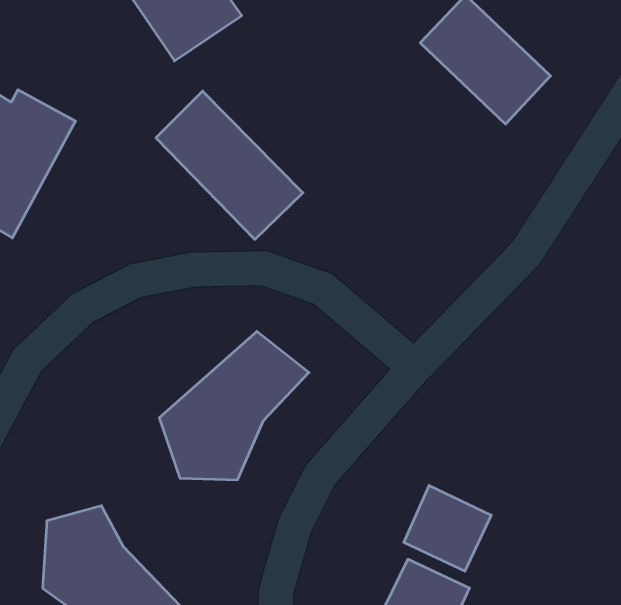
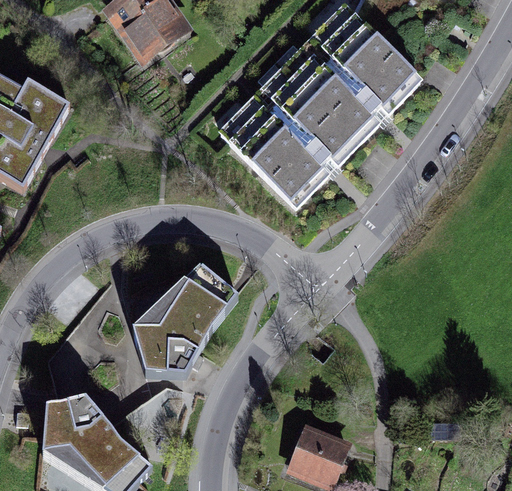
building: none -> [266,49,379,161]
building: [156,91,303,239] -> [224,99,331,207]
building: [404,485,491,571] -> none

